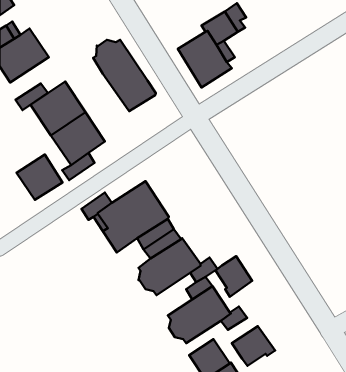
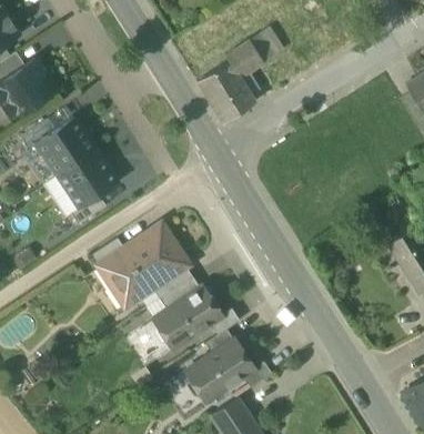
building: [93,40,156,111] -> none
building: [17,155,63,200] -> none
building: [215,256,252,297] -> none
building: [232,326,275,366] -> none

